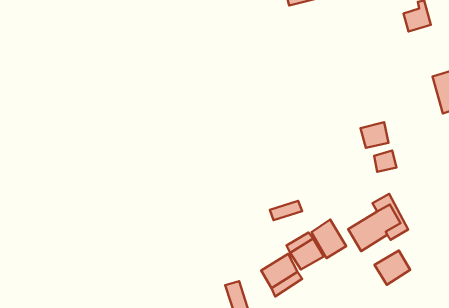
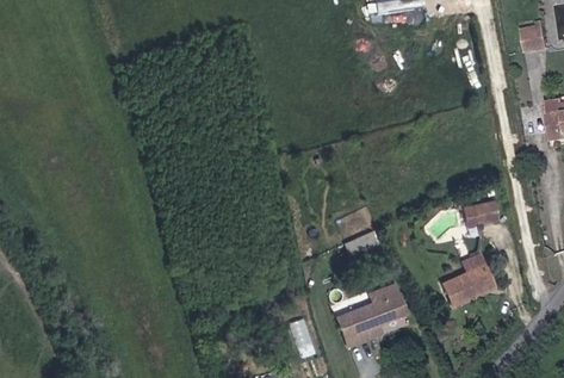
building: [360,122,389,148] -> none
building: [311,220,346,258] -> none
building: [375,250,410,285] -> none

